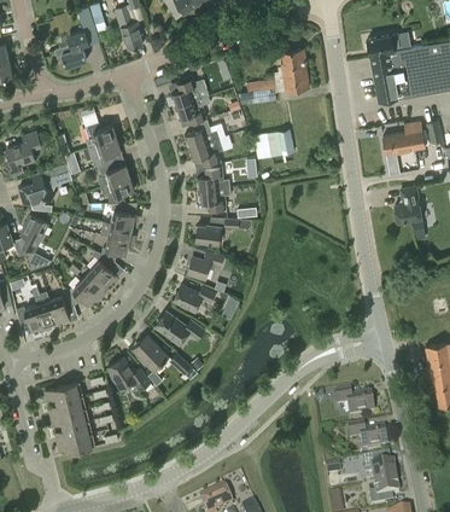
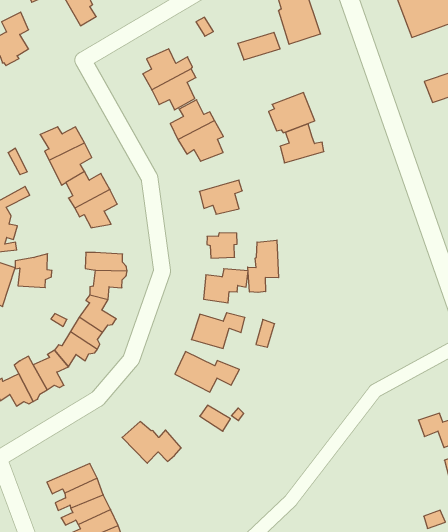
building: [197,164,229,191] -> [280,124,324,163]
building: [111,203,139,228] -> [15,254,52,288]
building: none -> [248,240,278,292]
building: [133,336,168,371] -> none

